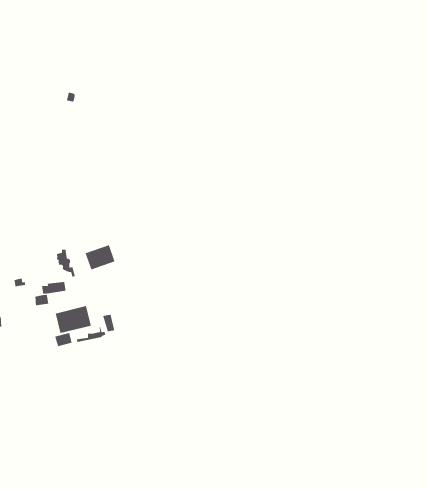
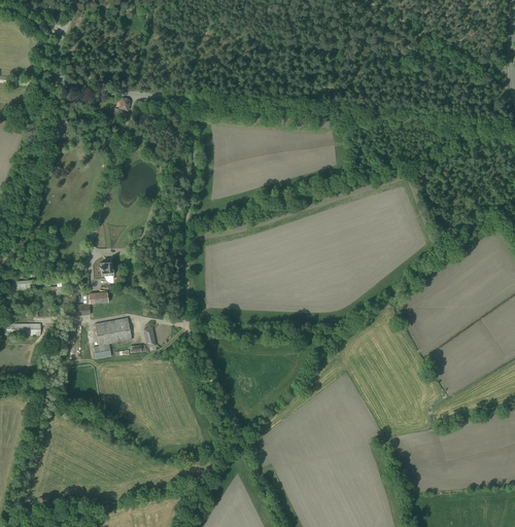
building: [85,244,116,270] -> none

